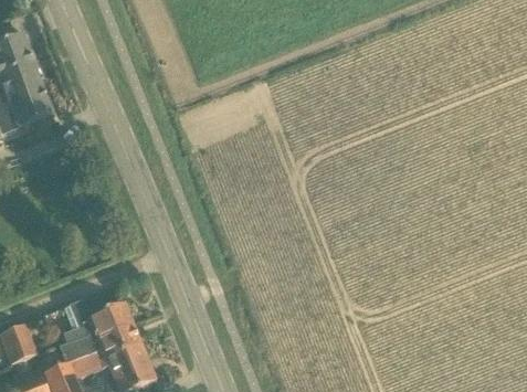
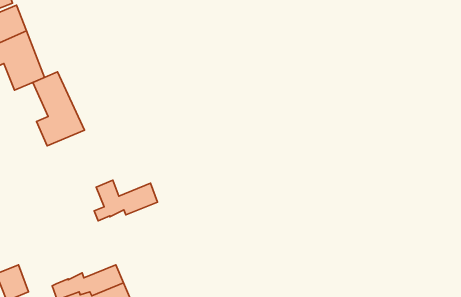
building: none -> [33,72,85,146]
building: [61,300,131,346] -> [94,180,158,221]

